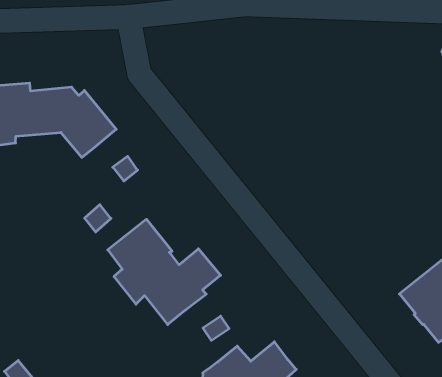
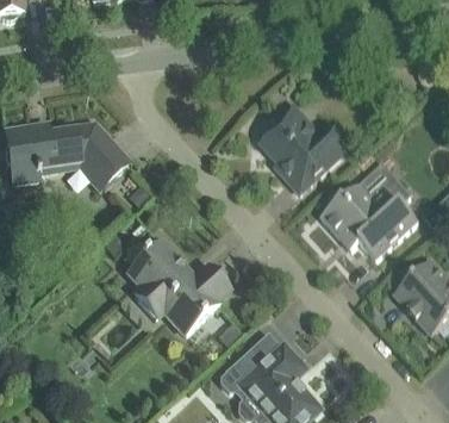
building: none -> [261,105,350,193]
building: none -> [320,185,417,260]

